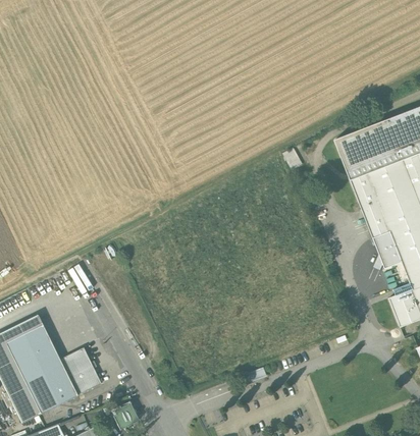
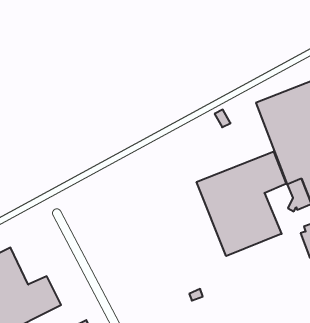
building: none -> [197,152,286,256]

